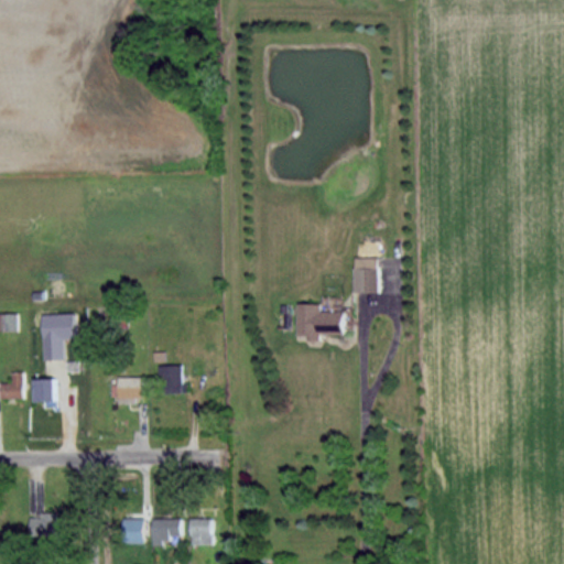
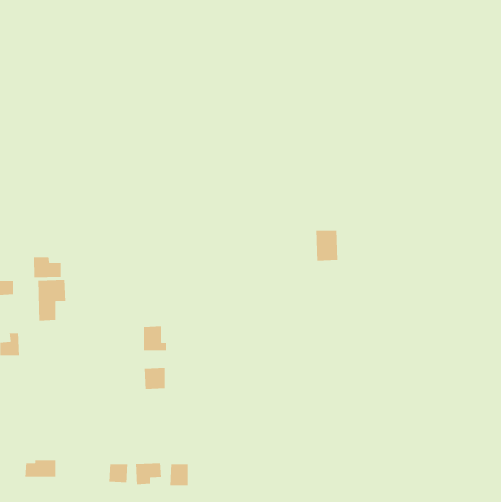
building: none -> [33,256,62,278]
building: [296,304,344,341] -> none
building: [117,378,141,403] -> [144,367,166,390]
building: [34,380,54,403] -> none

